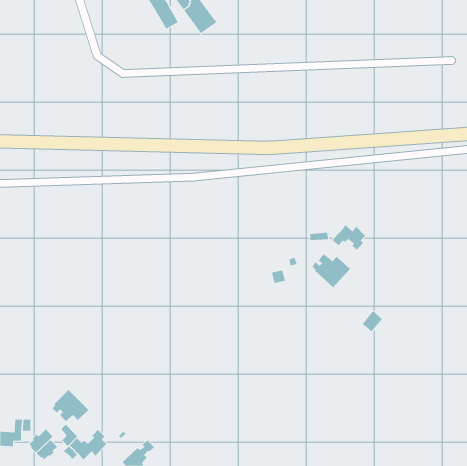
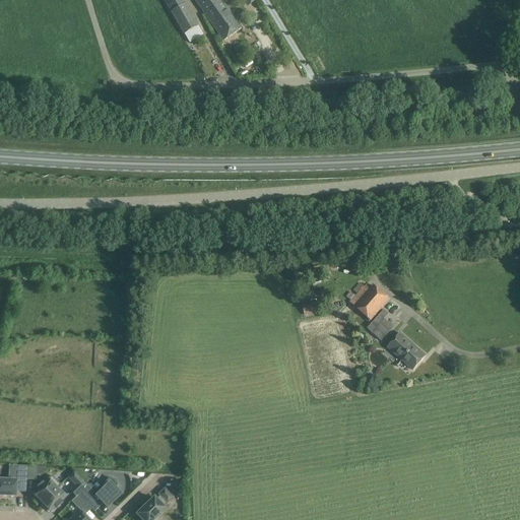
building: [332,224,366,250] -> none
building: none -> [366,308,392,338]
building: none -> [386,331,413,359]
building: [52,389,89,422] -> none

